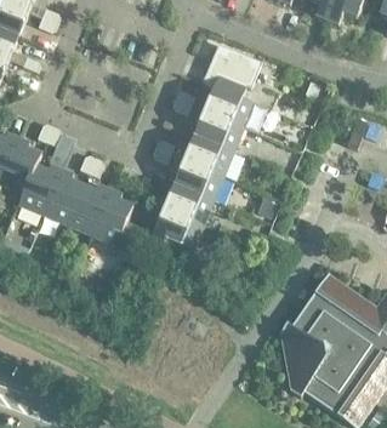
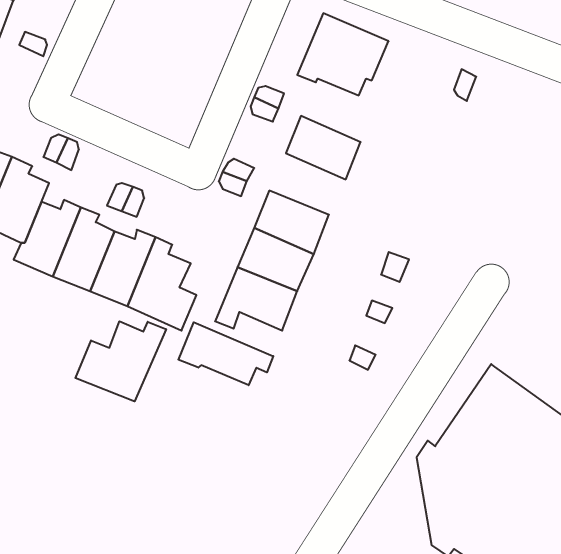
building: [204,86,266,132] -> none
building: [183,135,243,179] -> none
building: none -> [75,321,166,401]
building: none -> [178,322,273,385]

